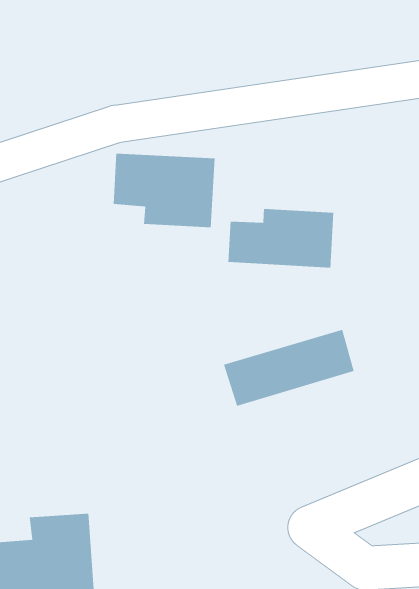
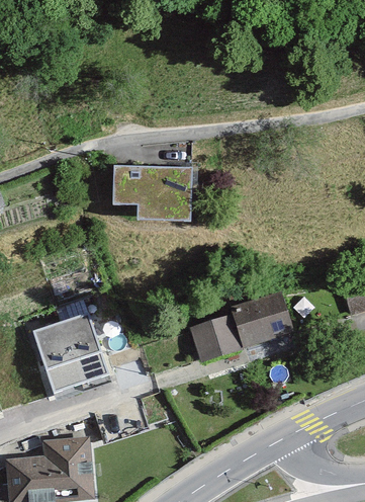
building: [228,208,334,269] -> none
building: none -> [32,315,107,394]

